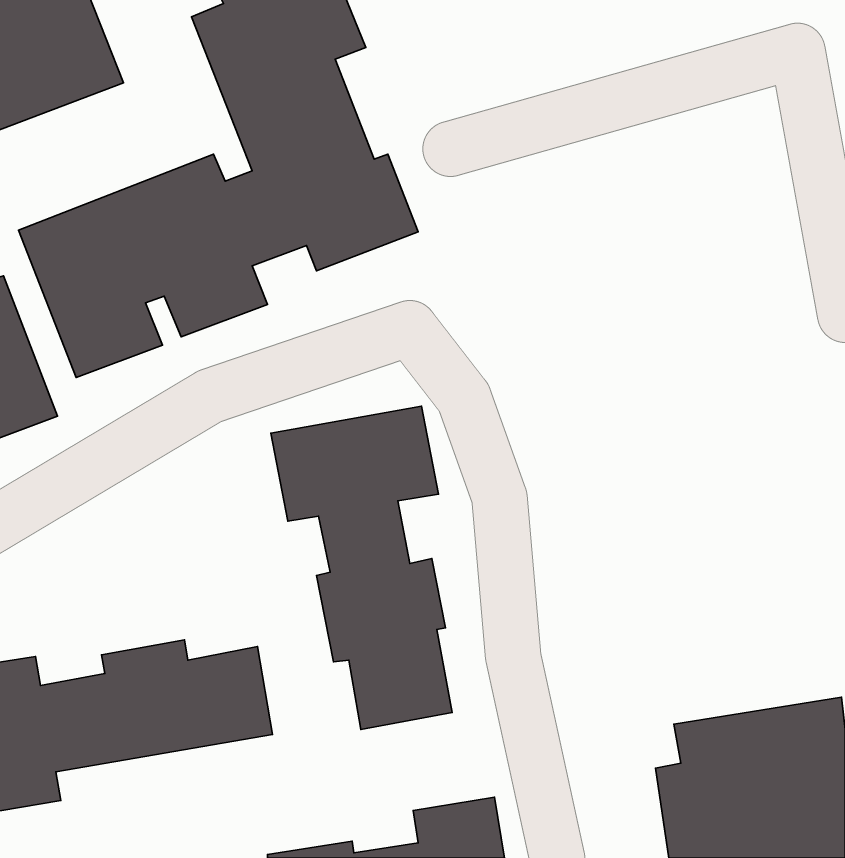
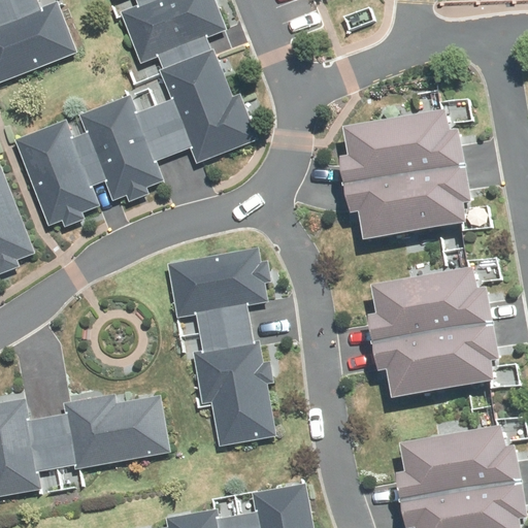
building: none -> [341,109,478,243]
building: none -> [368,267,504,402]

